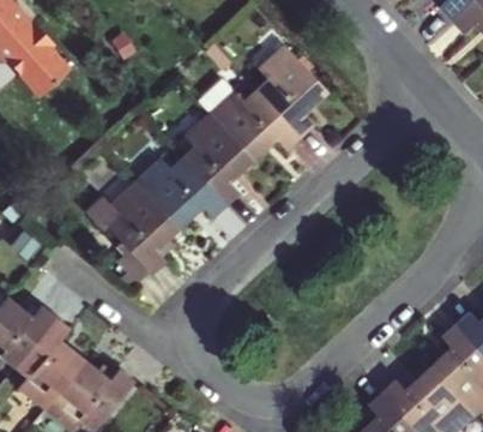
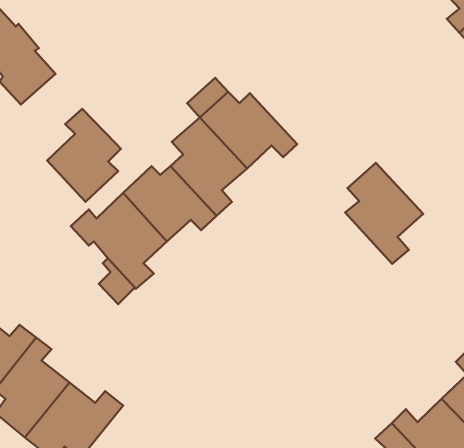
building: [253,41,326,136] -> [345,163,423,264]
building: none -> [47,109,121,202]

